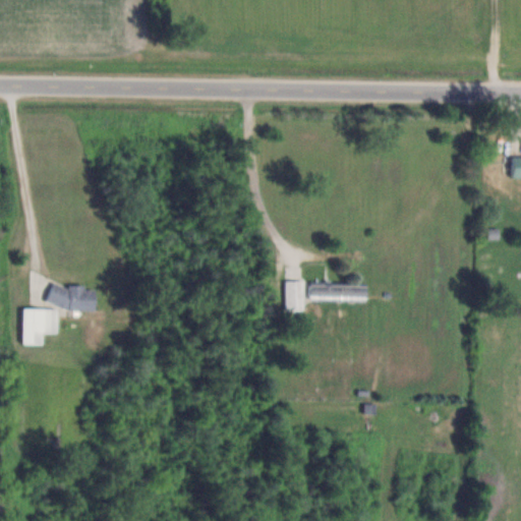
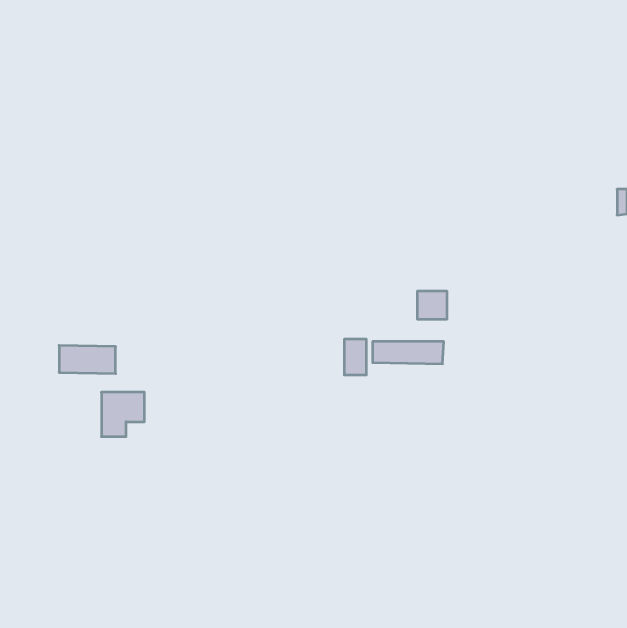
building: none -> [418,291,447,319]
building: [22,308,58,345] -> [101,392,144,437]

